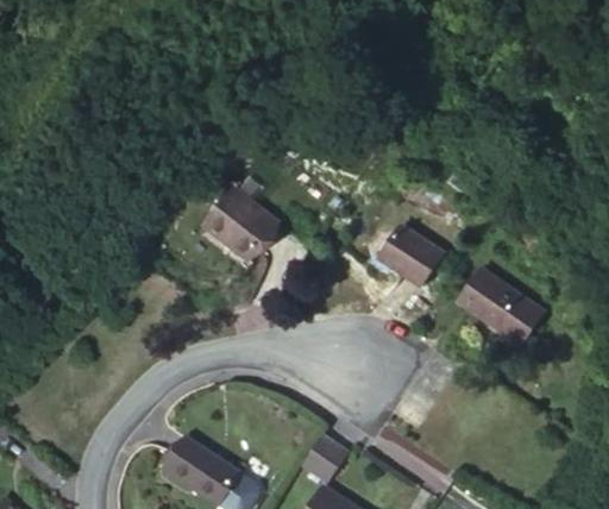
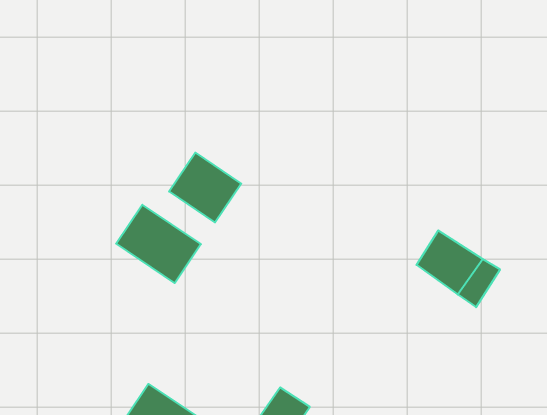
building: [381,228,446,291] -> none
building: none -> [116,205,201,283]

